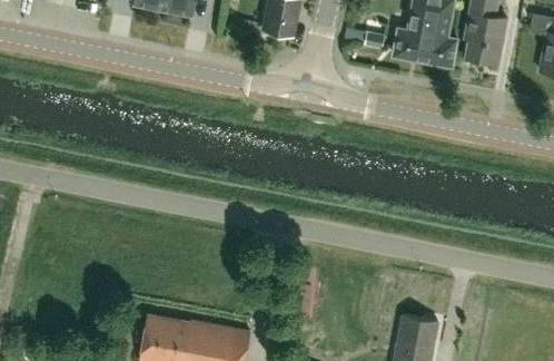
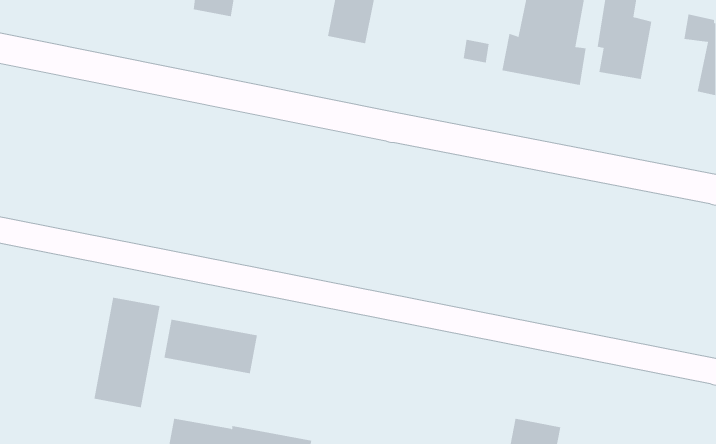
building: none -> [94,297,160,408]
building: none -> [164,319,257,374]

